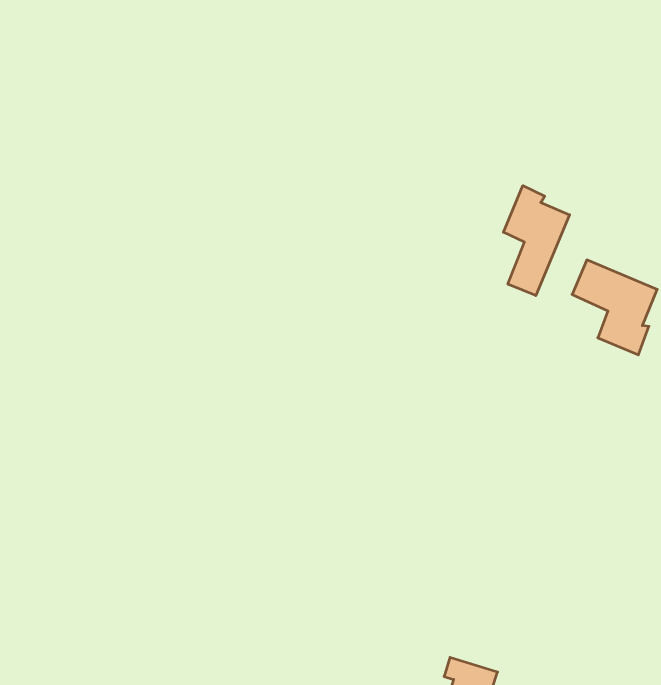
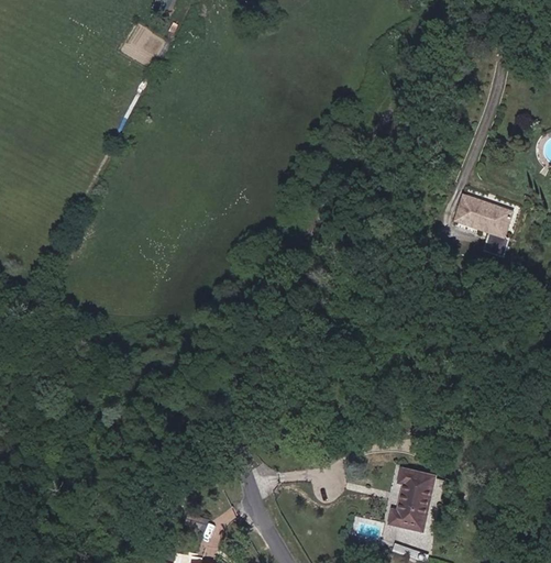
building: [503,186,570,296] -> none

